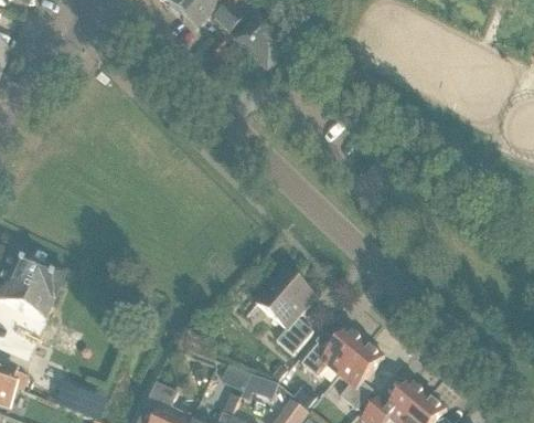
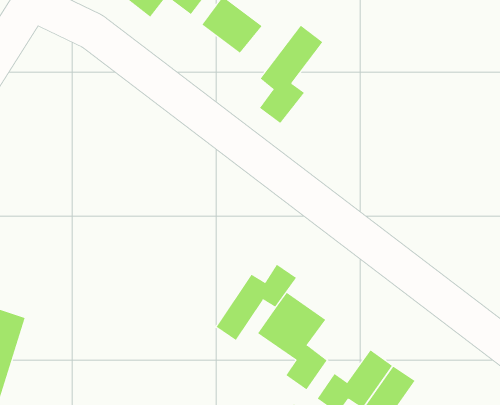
building: none -> [259,25,323,124]
building: none -> [216,264,297,341]

